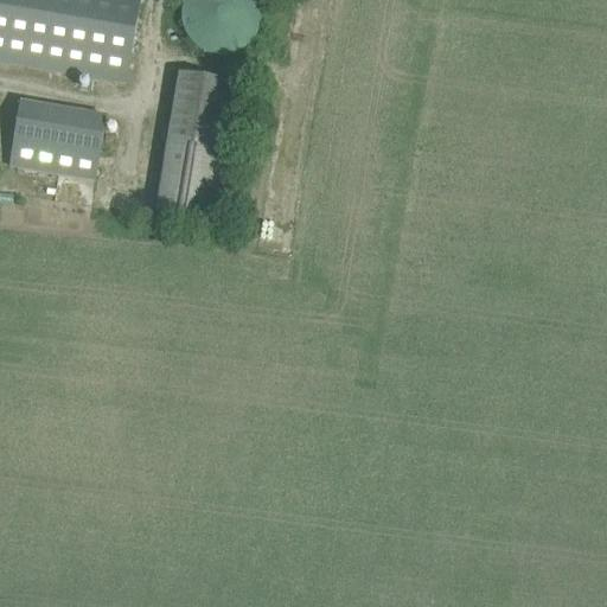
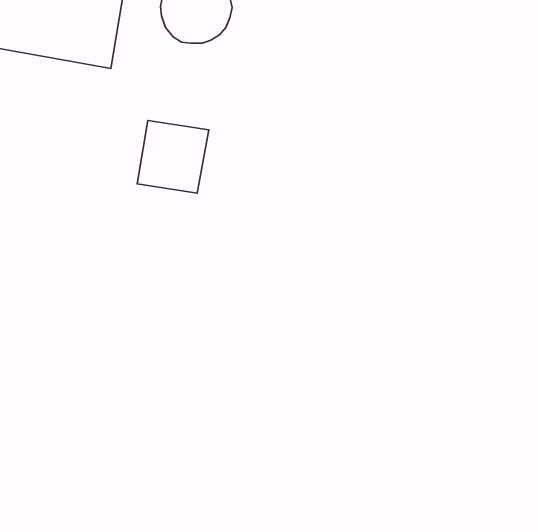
building: [166,66,245,146] -> none
building: [8,96,104,173] -> none

